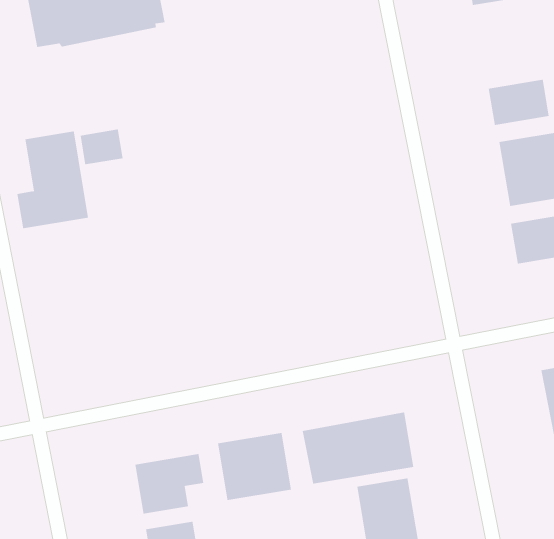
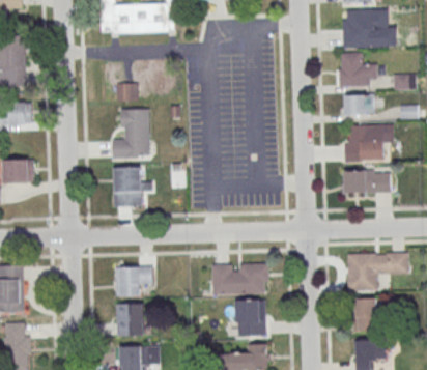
building: none -> [339,53,377,86]
building: [17,131,89,229] -> [113,109,150,158]
building: none -> [114,167,152,206]
building: [218,432,291,501] -> none

